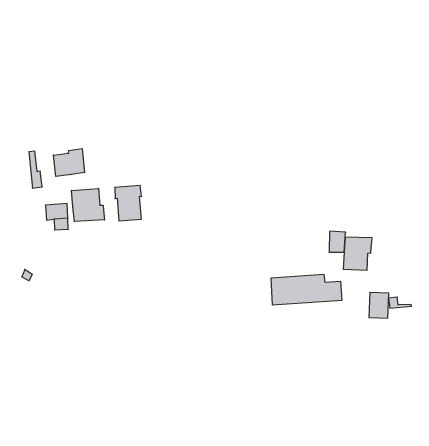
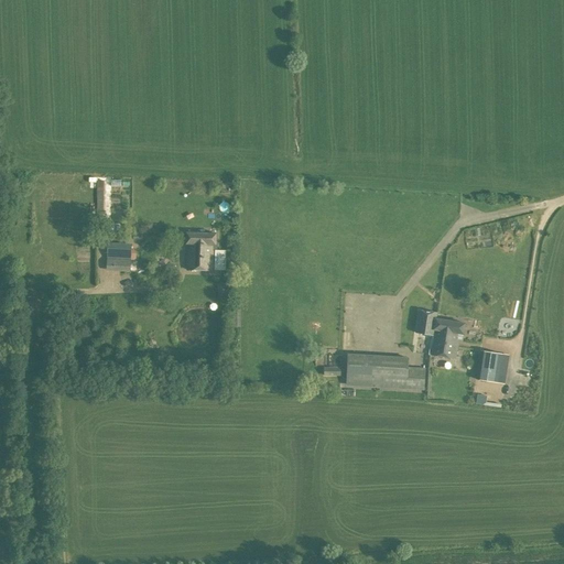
building: [53,149,84,176] -> none
building: [72,188,105,222] -> none
building: [369,293,389,318] -> [476,350,501,381]

